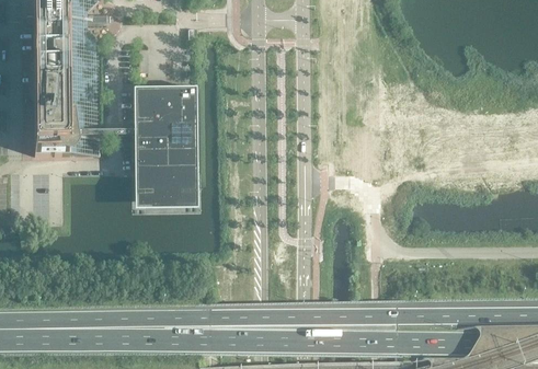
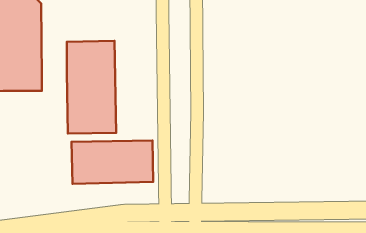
building: none -> [72,141,153,184]

